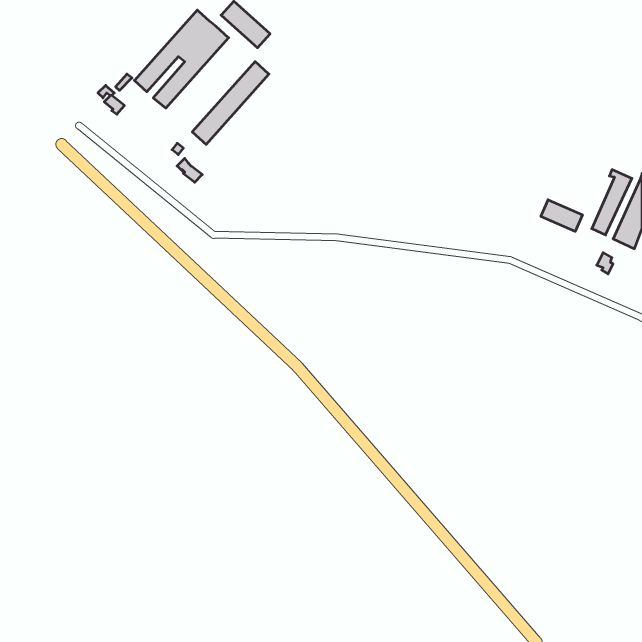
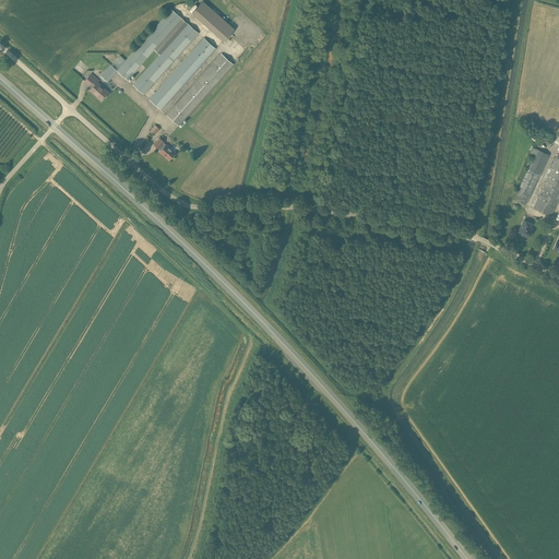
building: none -> [150,37,216,110]
building: [541,200,582,231] -> none

